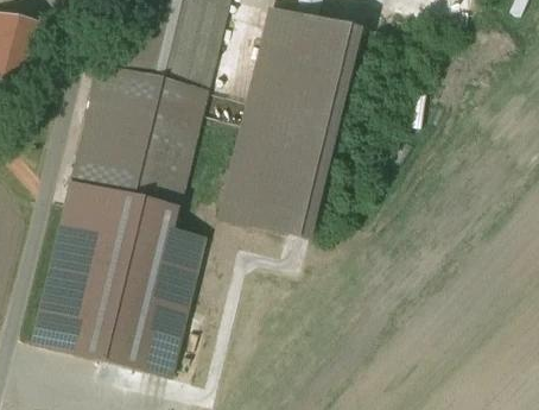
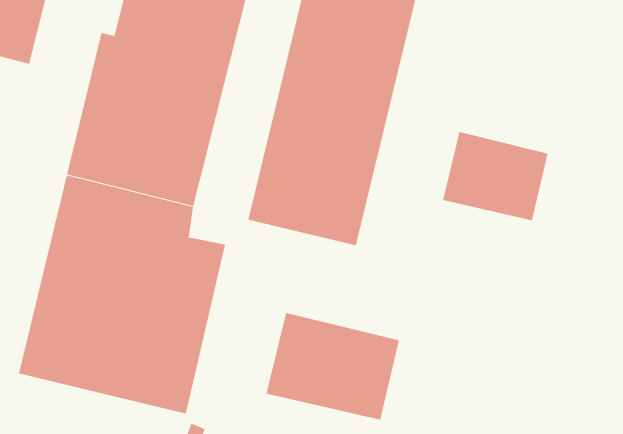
building: none -> [443,131,548,221]
building: none -> [266,312,399,421]

